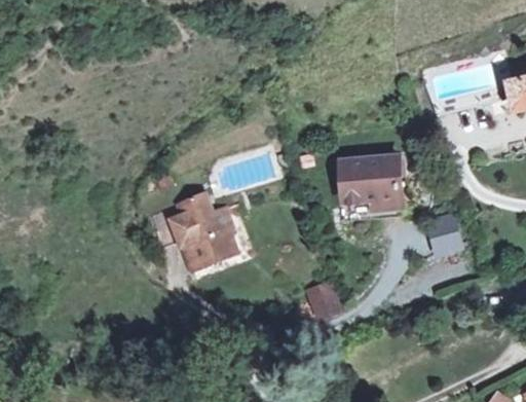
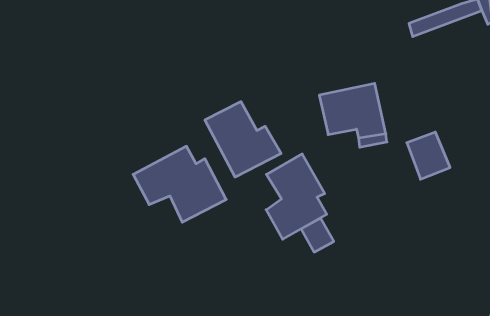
building: none -> [205,102,281,177]
building: none -> [266,154,327,239]

